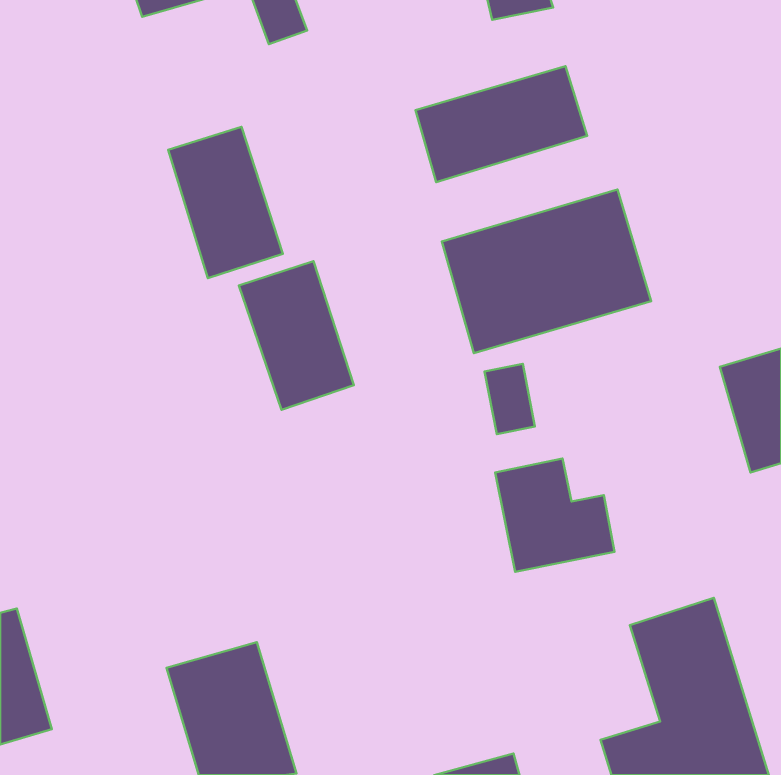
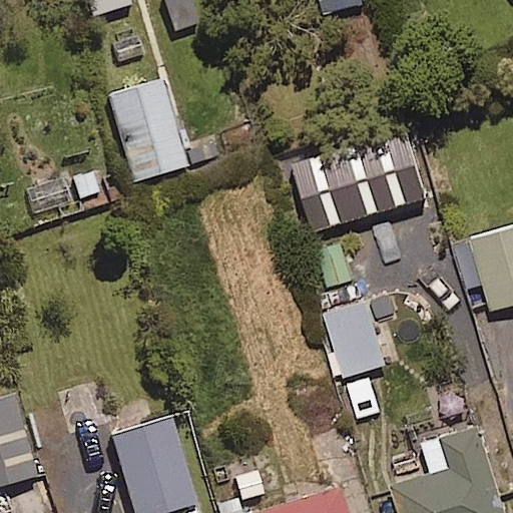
building: [415,66,587,182] -> none
building: [239,261,354,410] -> none

